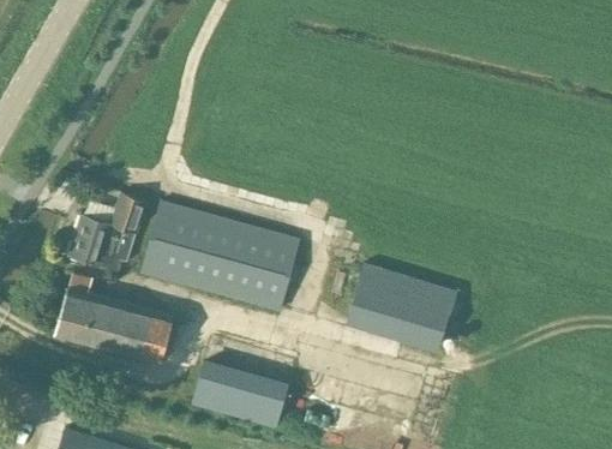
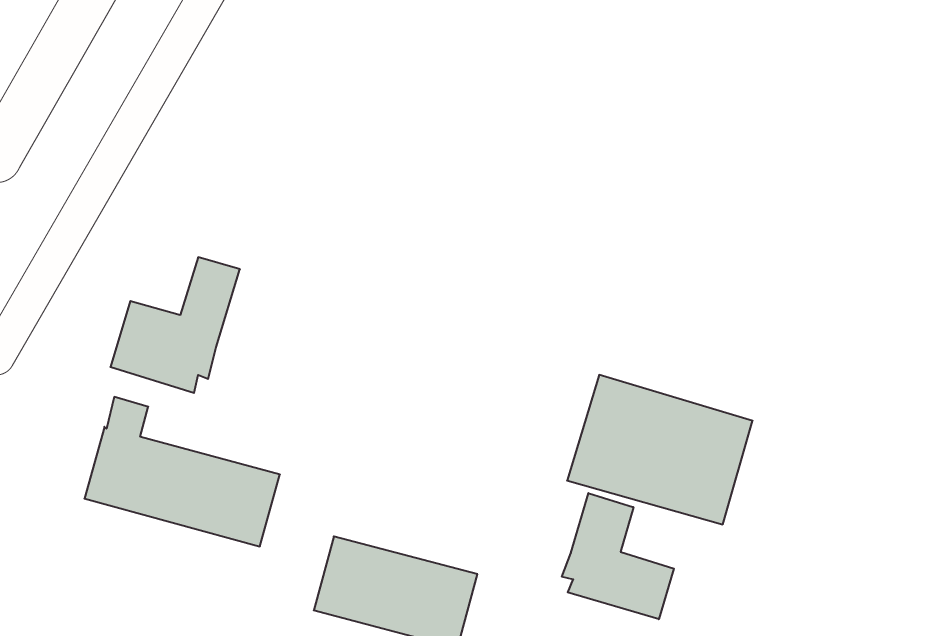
building: [140,200,300,312] -> none
building: none -> [562,493,674,619]

